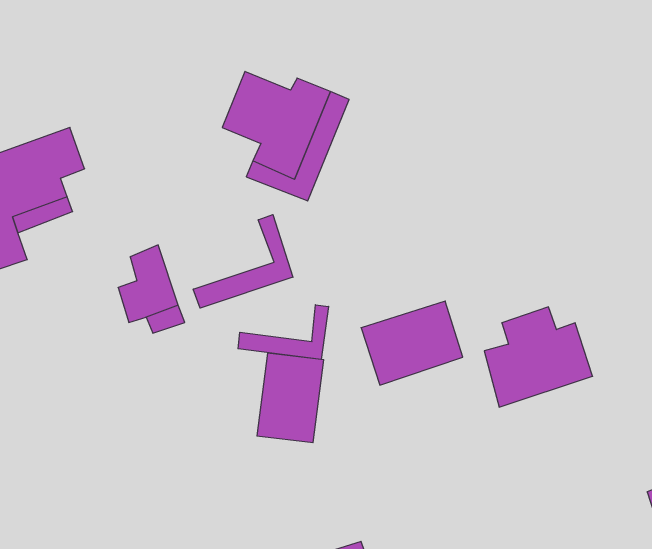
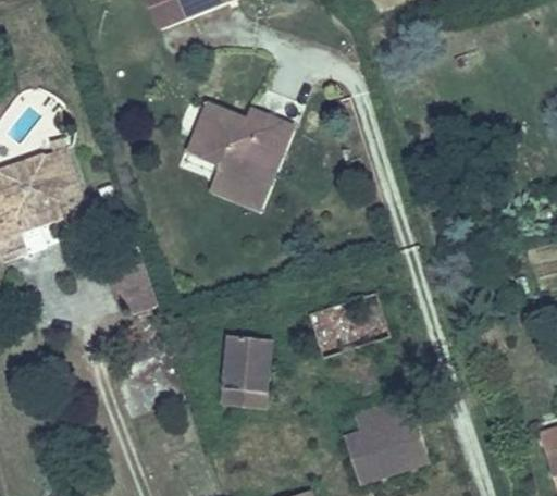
building: [193,215,293,308] -> none
building: [238,305,329,359] -> none
building: [484,307,593,407] -> [337,401,425,483]

